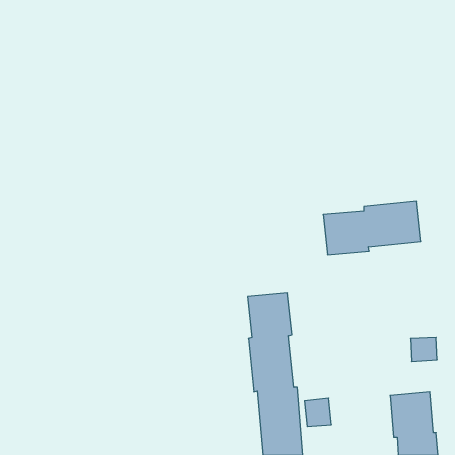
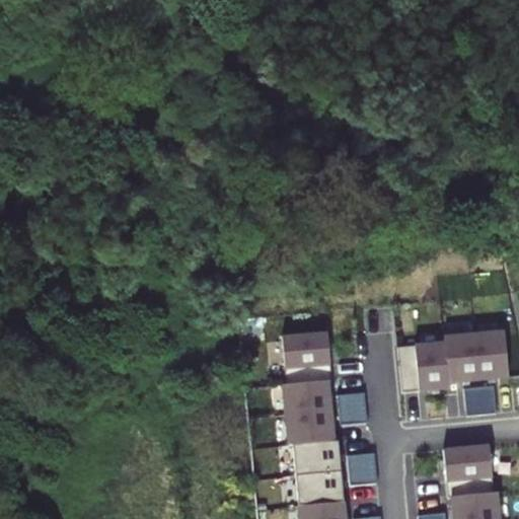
building: [323,201,421,255] -> [397,331,509,392]
building: none -> [338,392,368,425]

